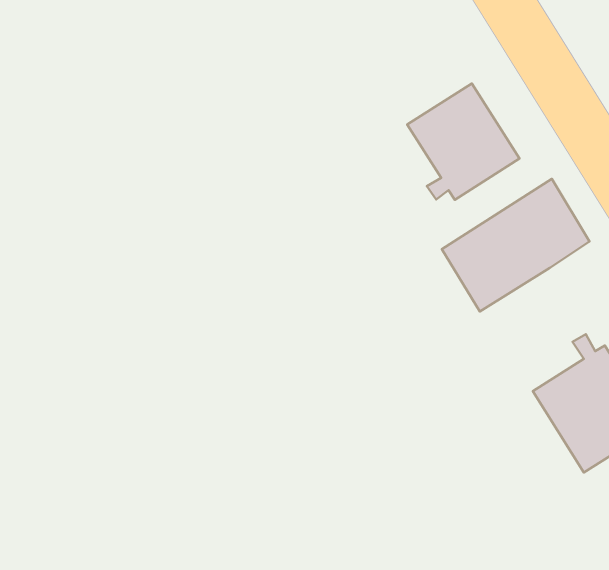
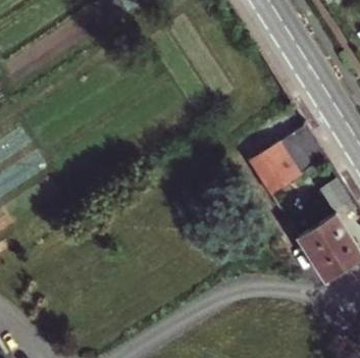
building: [407,83,519,200] -> none

